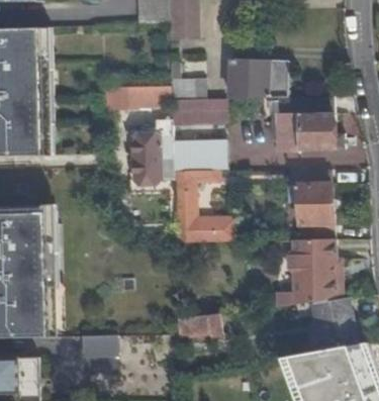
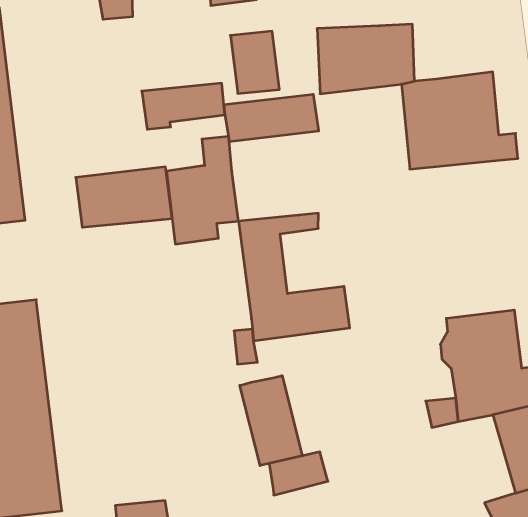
building: [171,139,226,171] -> [76,167,172,227]
building: [288,170,333,241] -> none
building: none -> [240,376,302,466]

